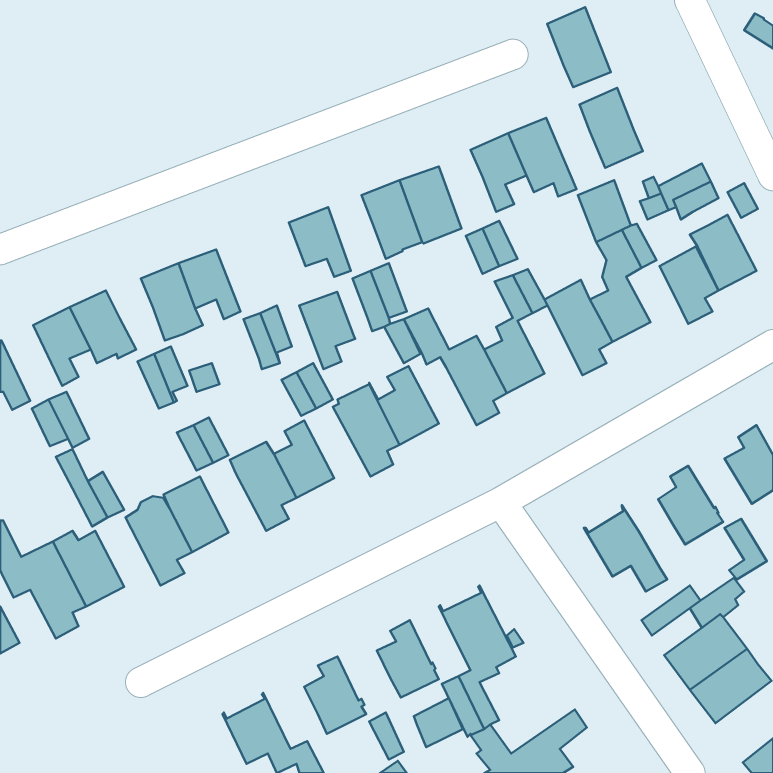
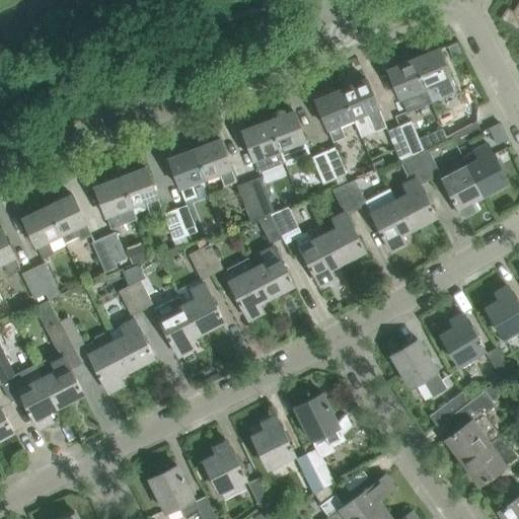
building: [547,7,611,87] -> [414,48,456,101]
building: [299,292,355,369] -> [168,149,206,201]
building: [414,698,463,747] -> none

